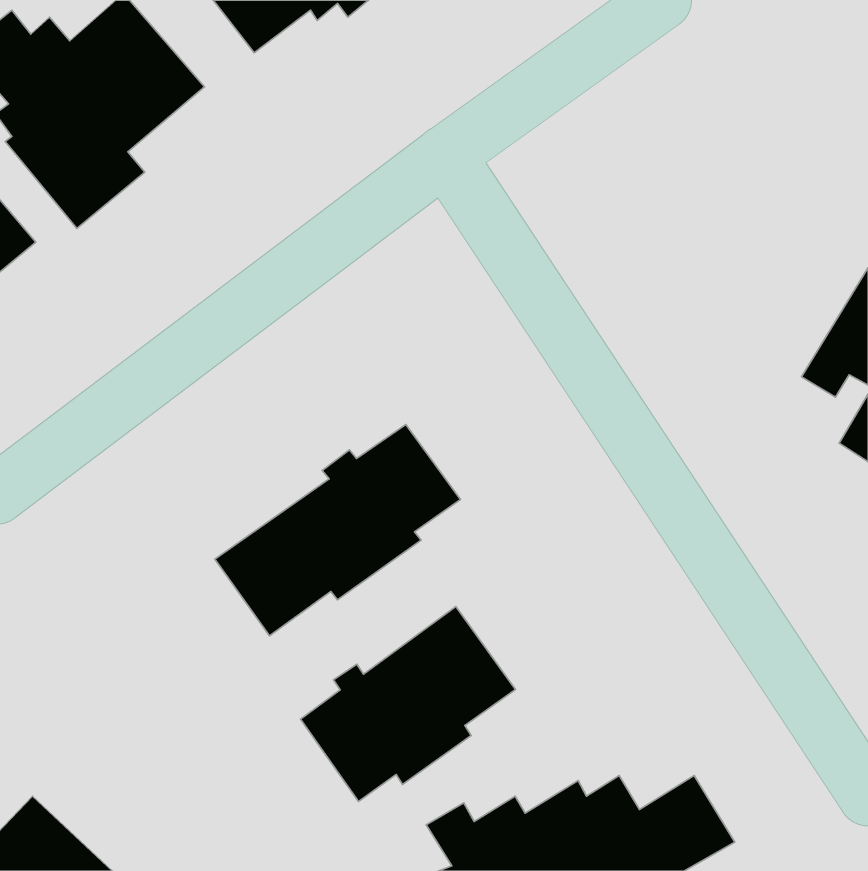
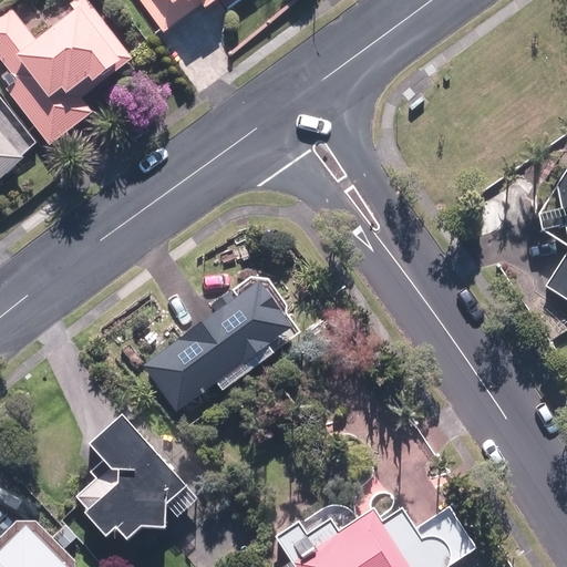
building: [301,606,516,802] -> none
building: none -> [73,412,200,537]

